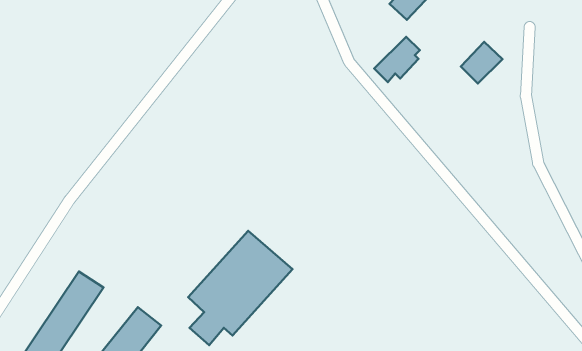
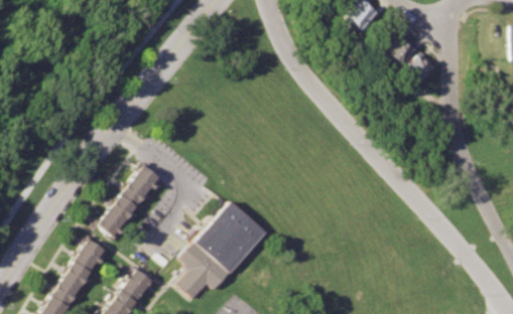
building: [374,37,420,82] -> [378,32,415,69]
building: none -> [98,164,164,238]

